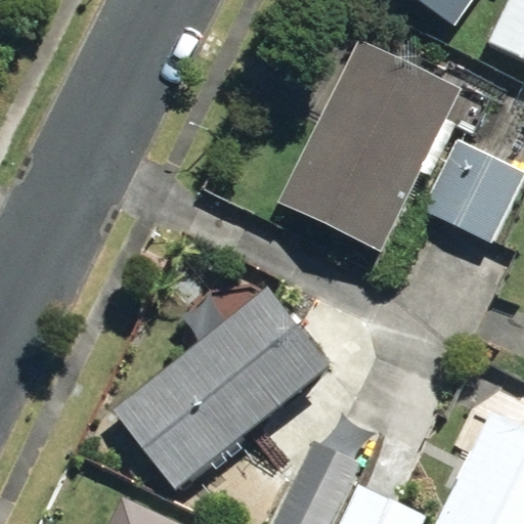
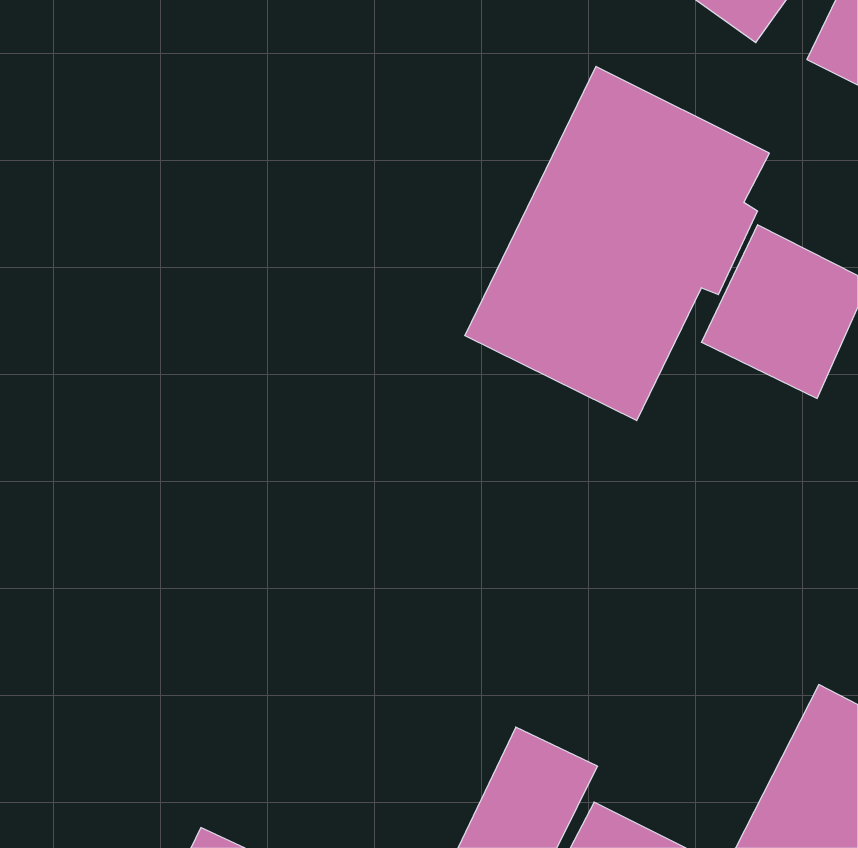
building: [112,290,332,491] -> none

